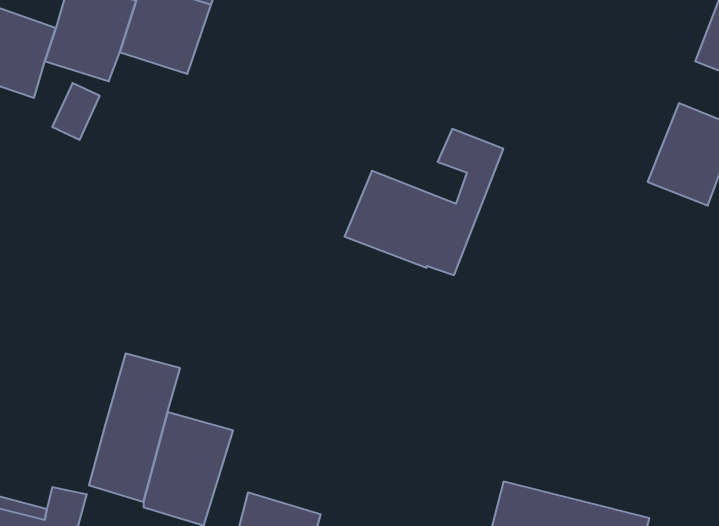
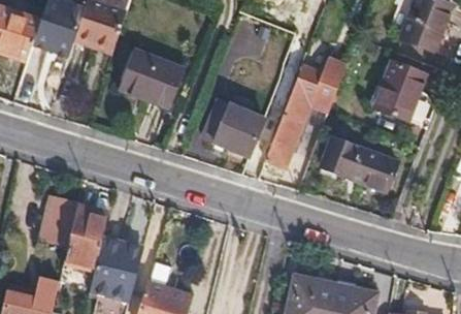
building: none -> [122,51,186,108]
building: none -> [266,60,348,167]
building: none -> [322,137,397,192]
building: none -> [45,197,80,245]

